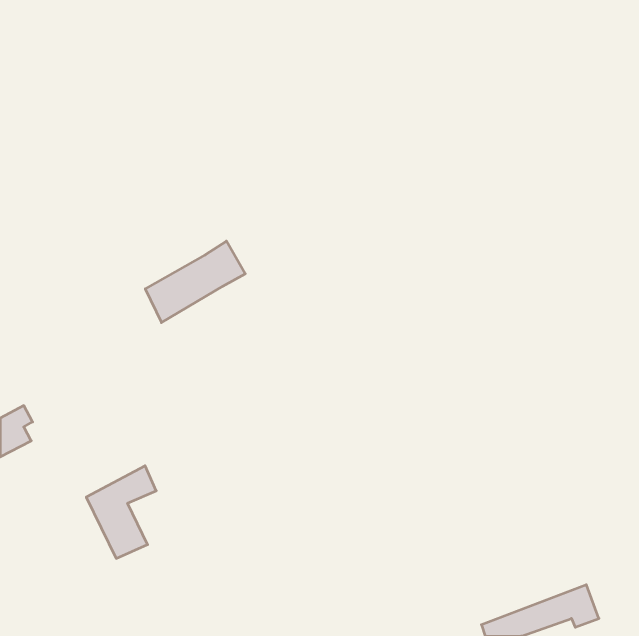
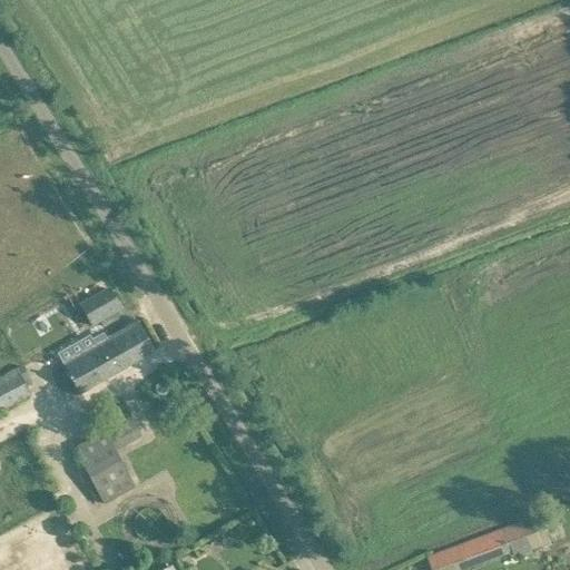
building: [145,241,245,323] -> [63,320,153,392]
building: none -> [76,294,119,324]

